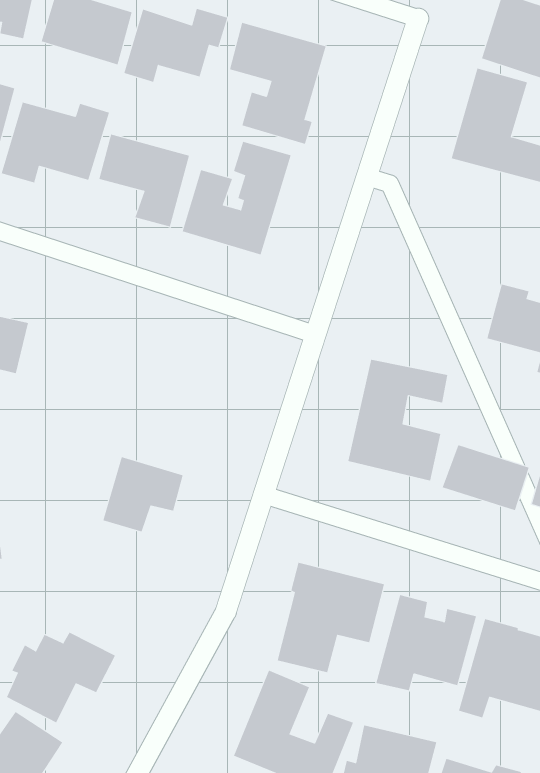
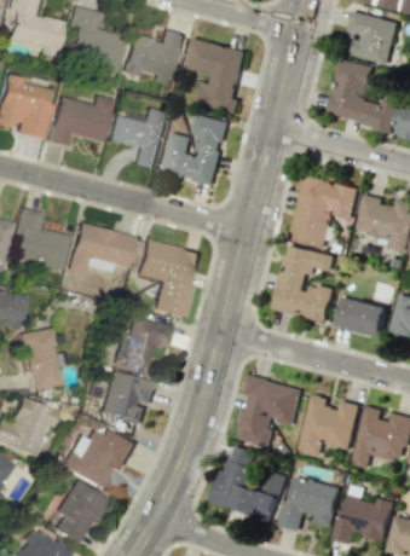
building: none -> [291,176,362,249]
building: none -> [69,224,137,273]
building: none -> [138,241,201,318]
building: none -> [102,372,158,423]

